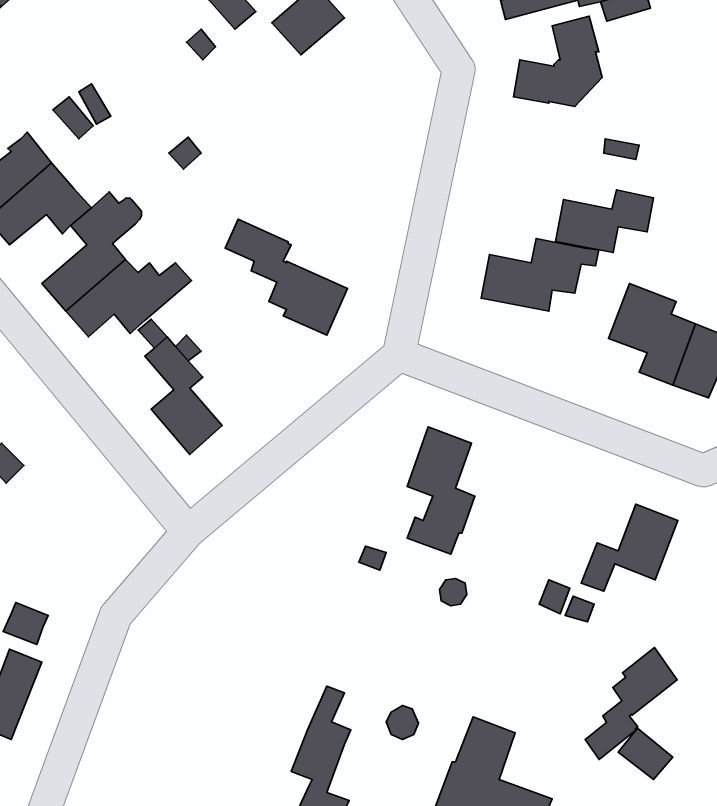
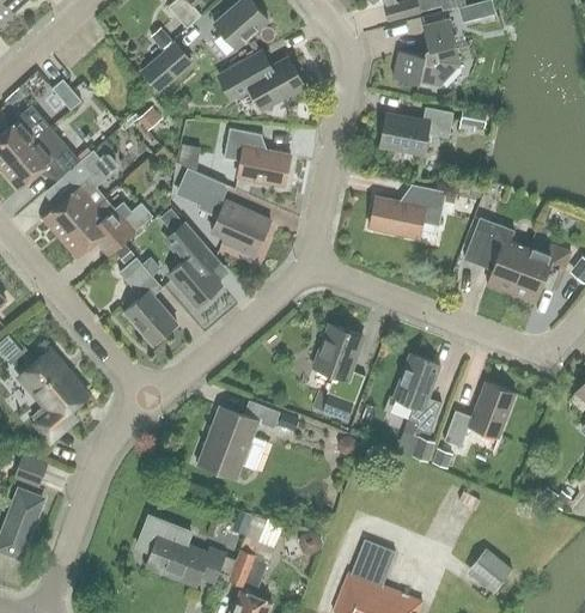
building: none -> [140,43,193,93]
building: none -> [220,54,304,110]
building: none -> [223,128,290,187]
building: [555,190,654,253] -> [379,107,452,153]
building: none -> [159,211,220,306]
building: none -> [19,351,83,439]
building: none -> [392,353,440,435]
building: none -> [196,400,279,479]
building: [585,648,677,759] -> none
building: none -> [136,516,224,585]

